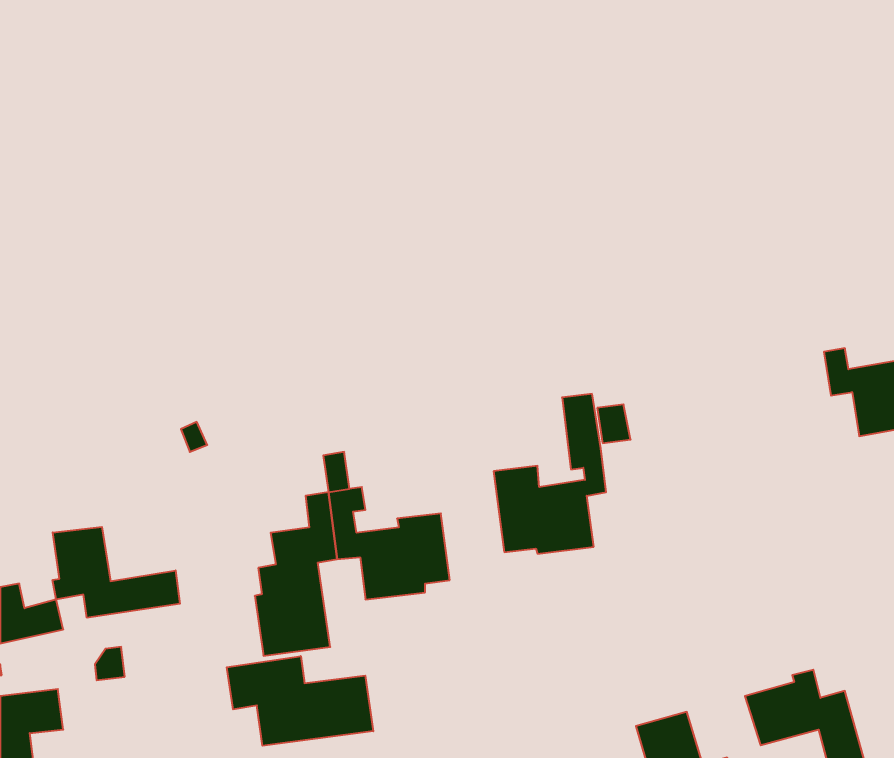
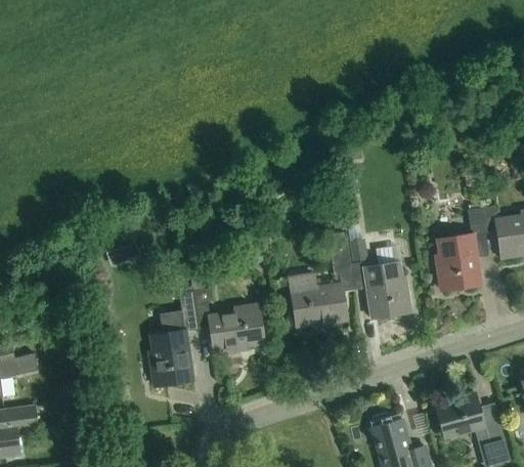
building: none -> [436,209,489,290]
building: none -> [351,262,411,319]
building: [53,527,180,618] -> none
building: [227,656,373,746] -> none

